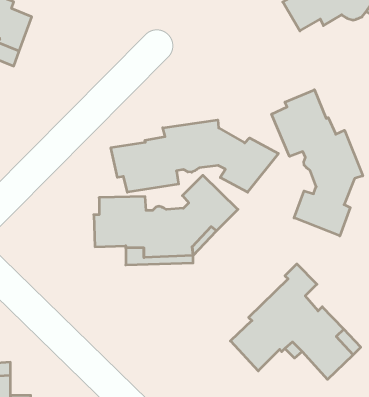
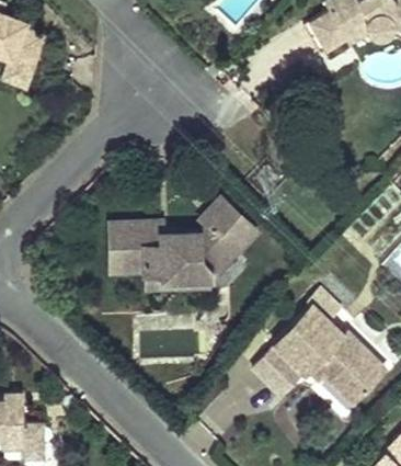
building: [272,90,363,236] -> none
building: [111,120,278,192] -> none

